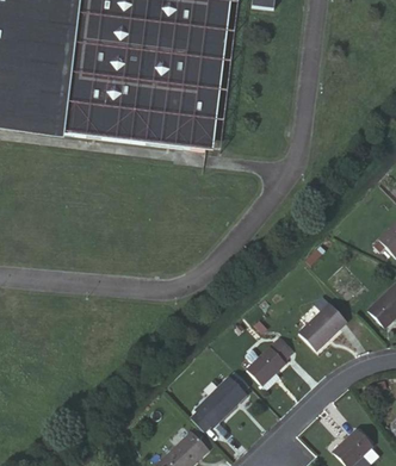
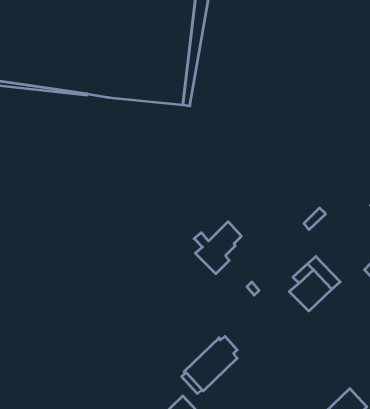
building: [250,338,297,390] -> [194,222,241,274]

